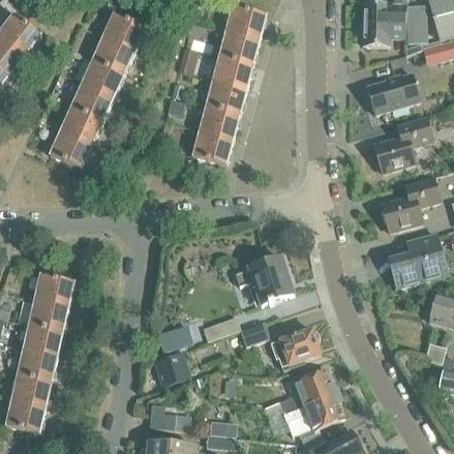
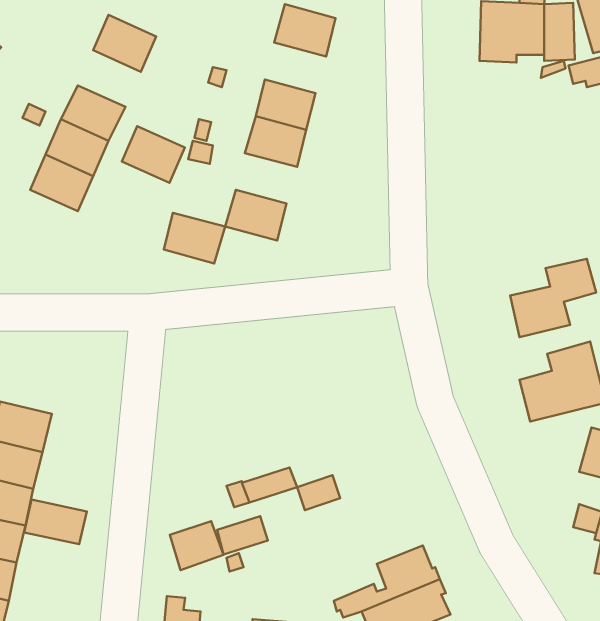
building: [218,31,260,65] -> none
building: [92,36,134,74] -> [122,126,185,183]
building: [366,71,419,114] -> none
building: [199,105,240,140] -> [164,213,225,263]
building: [374,117,432,172] -> none
building: [49,130,92,169] -> none
building: [234,256,294,306] -> none
building: [157,325,191,351] -> [217,516,268,554]
building: [272,329,321,370] -> none
building: none -> [24,500,87,544]

